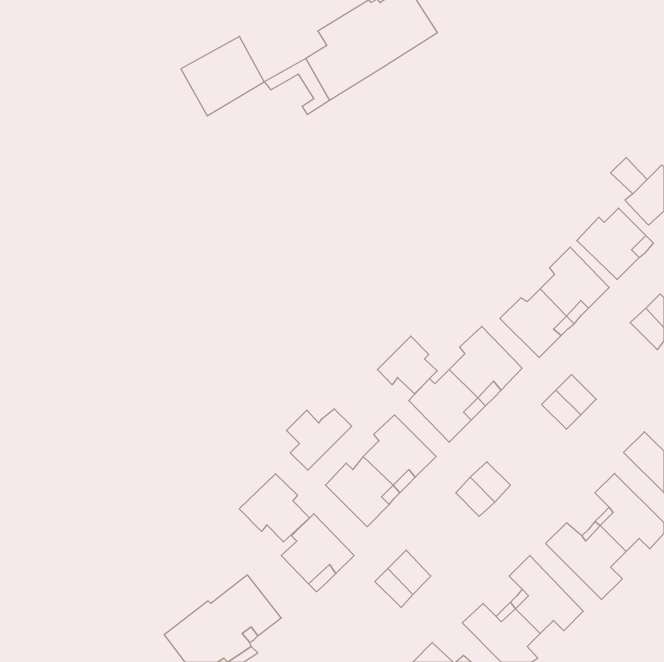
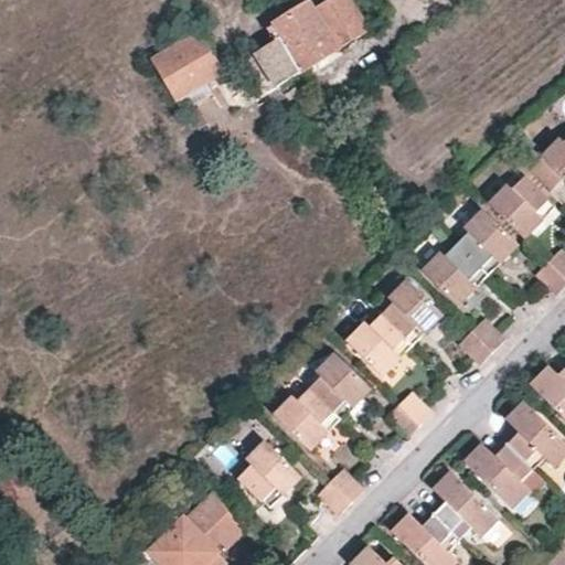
building: [377,336,437,394] -> none
building: [286,409,352,470] -> none
building: [239,474,310,542] -> none

